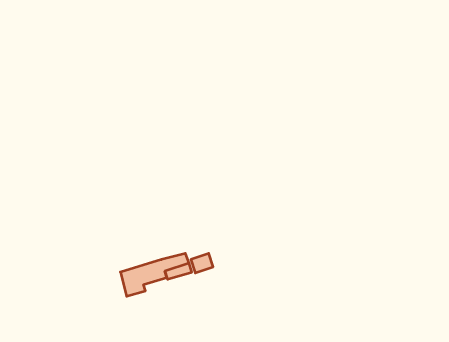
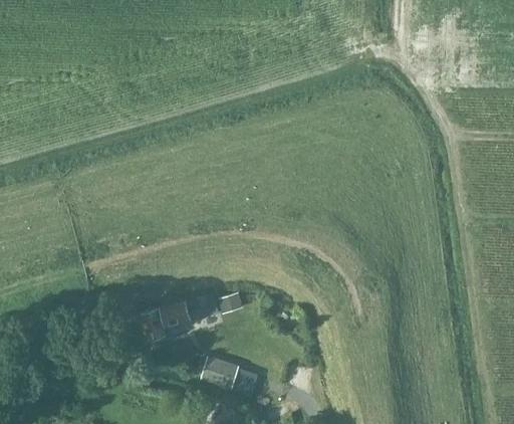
building: none -> [201,358,238,390]

